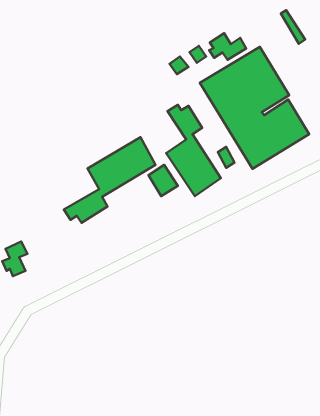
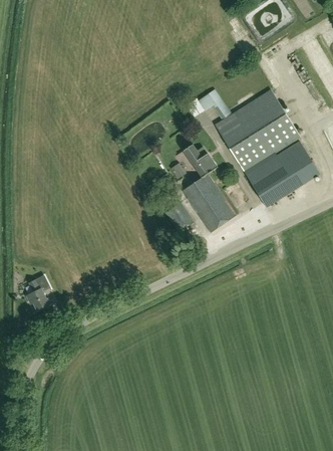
building: [209,33,246,60] -> none
building: [64,137,156,223] -> none

